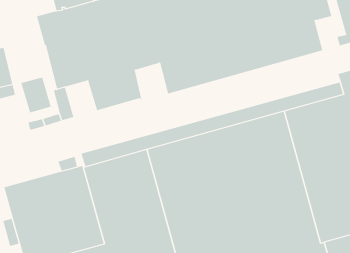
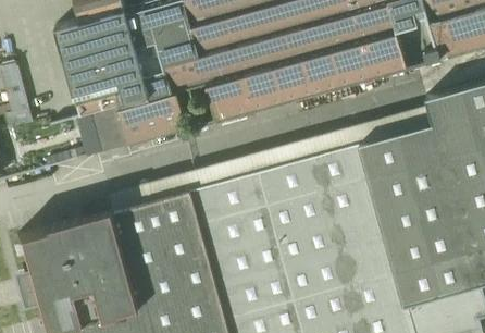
building: [21,77,52,113] -> [92,108,130,152]

